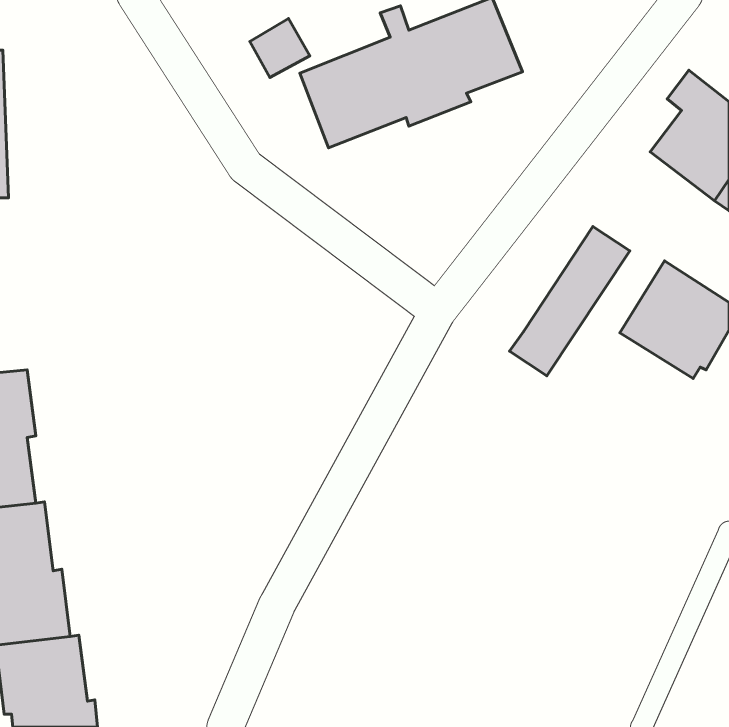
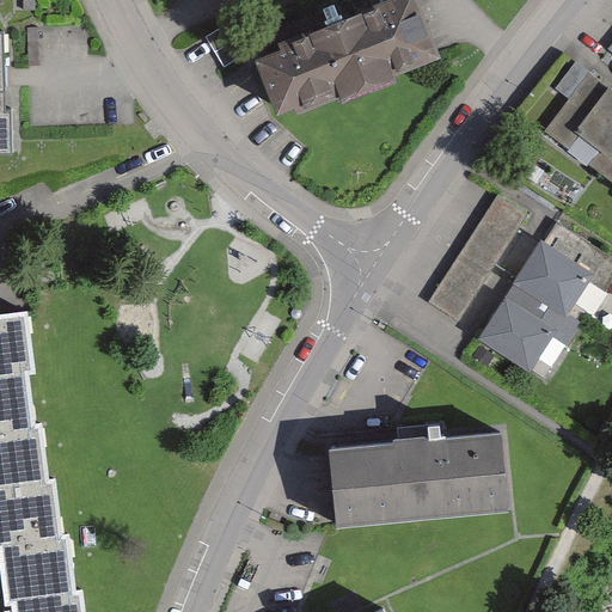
building: none -> [481,277,577,373]
building: none -> [330,435,508,526]

